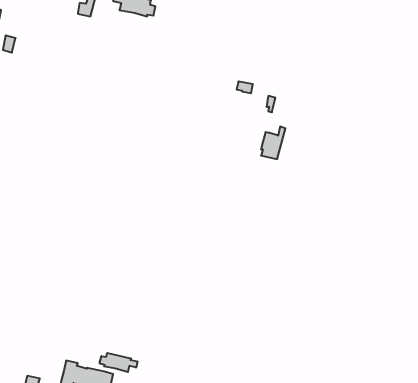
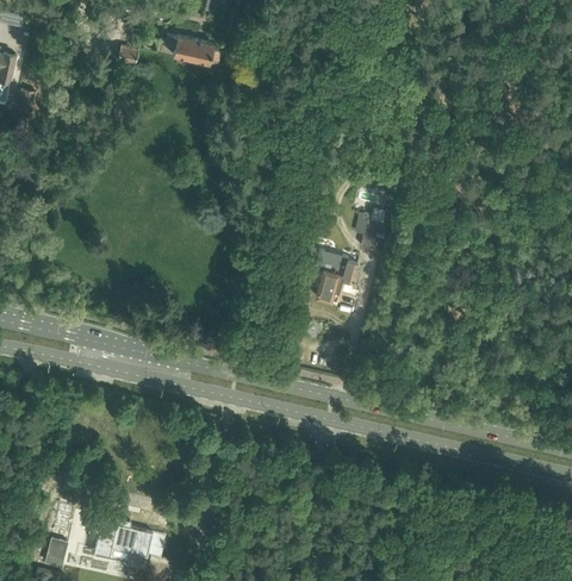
building: none -> [313,250,360,302]
building: [100,353,137,372] -> none

